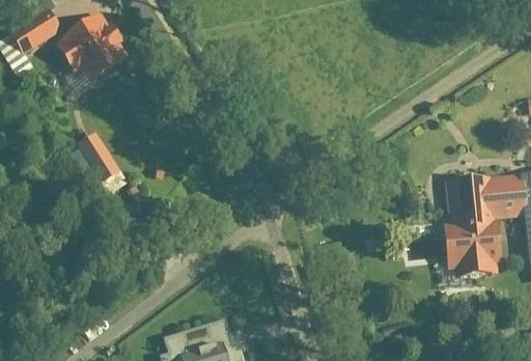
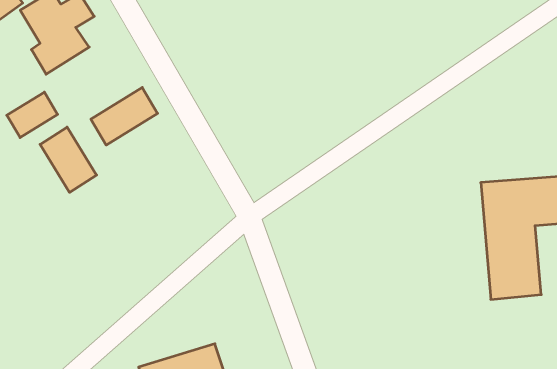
building: none -> [91,87,158,145]
building: none -> [7,92,58,138]

